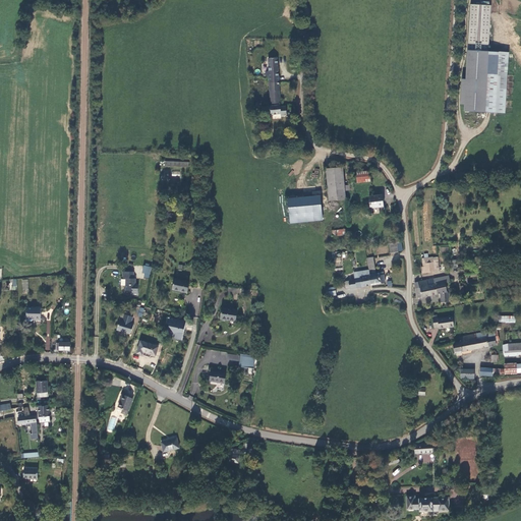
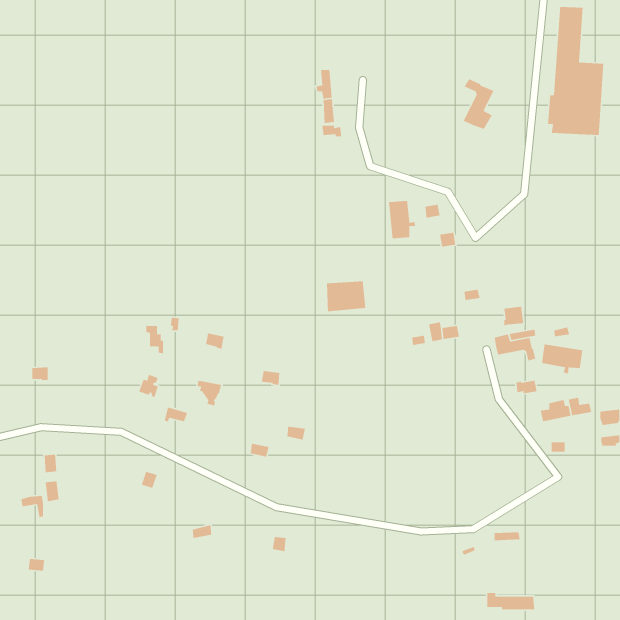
building: none -> [463,78,494,130]
building: [289,196,323,223] -> [326,281,366,312]
building: none -> [541,343,583,374]

